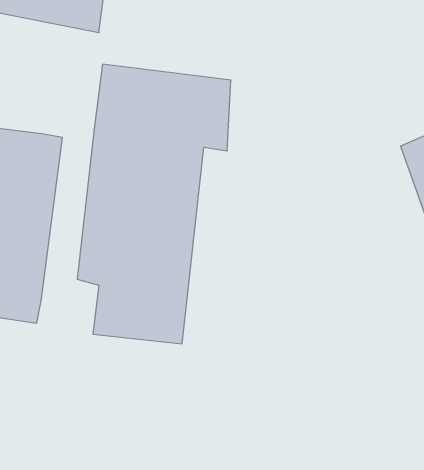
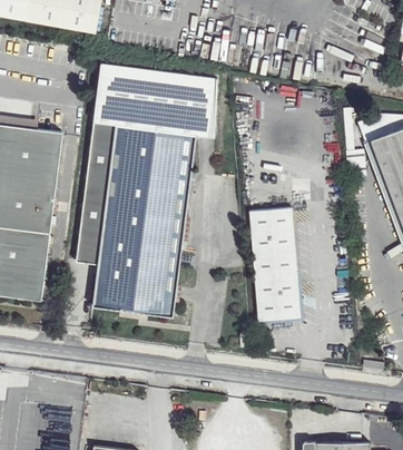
building: none -> [248,205,301,321]

